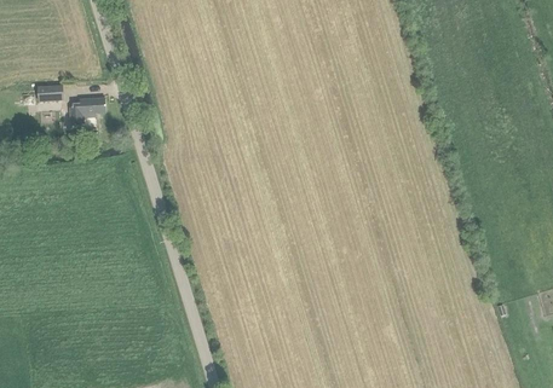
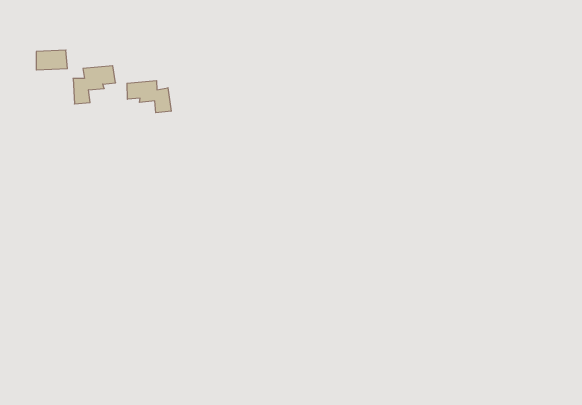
building: none -> [127,81,171,113]

